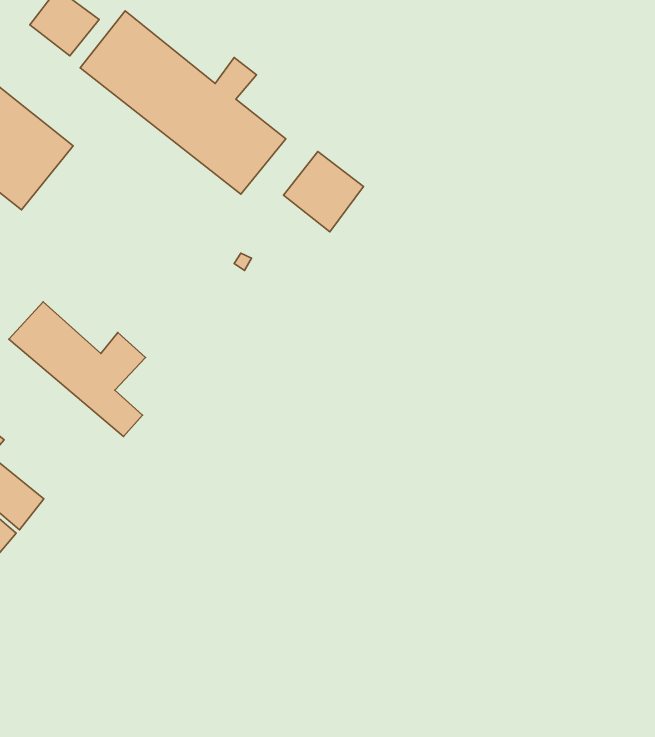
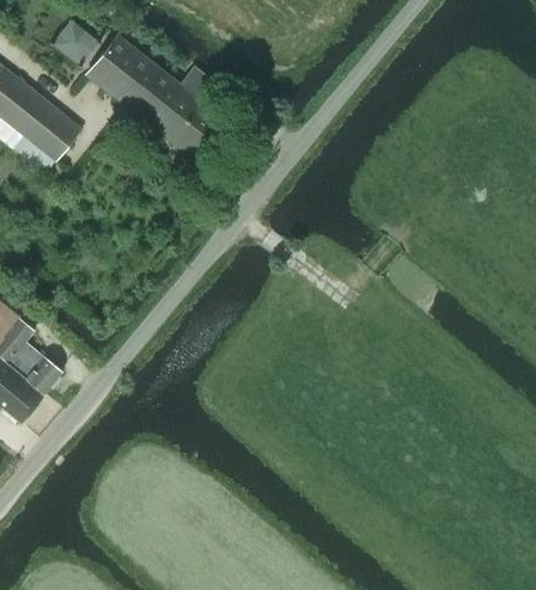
building: [284,152,363,232] -> none
building: [9,302,146,437] -> none

